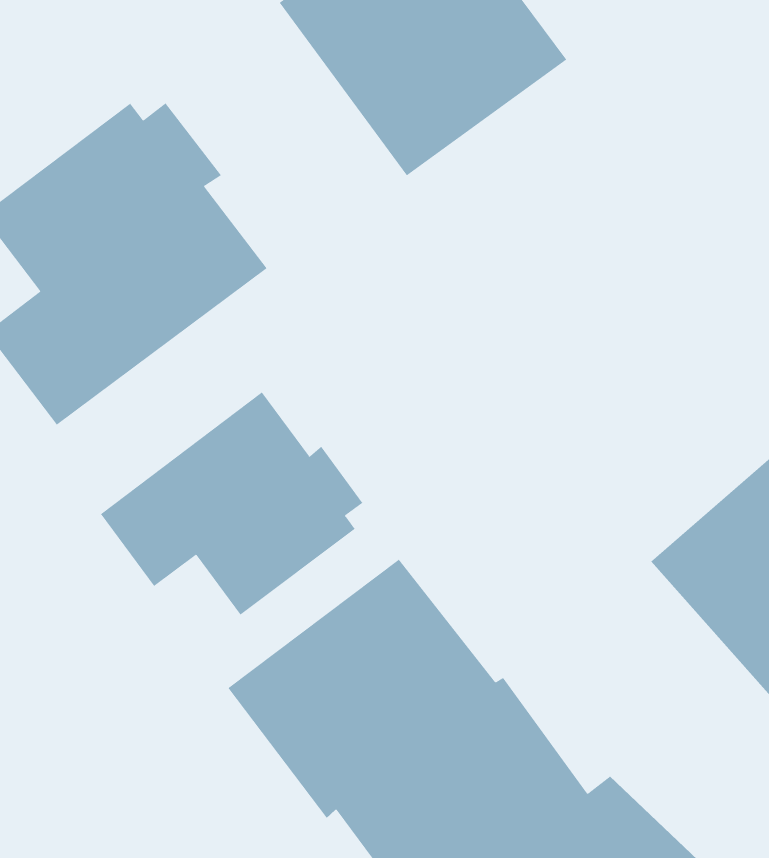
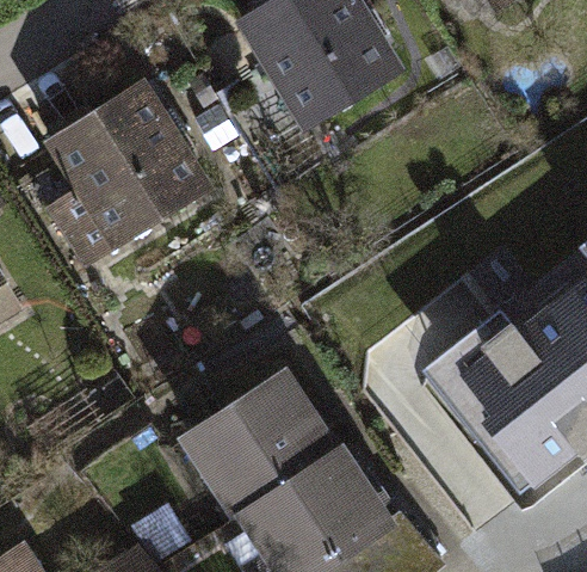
building: [100,392,363,615] -> none

